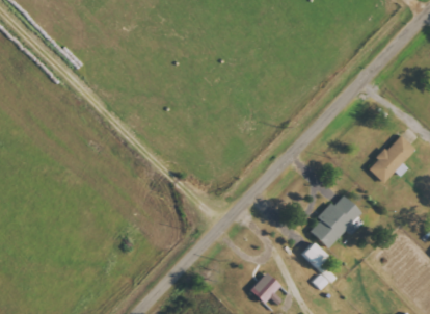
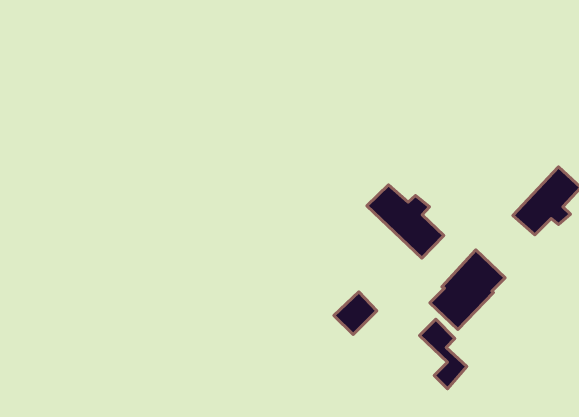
building: none -> [367,185,444,258]
building: [250,271,280,302] -> [334,292,377,335]

